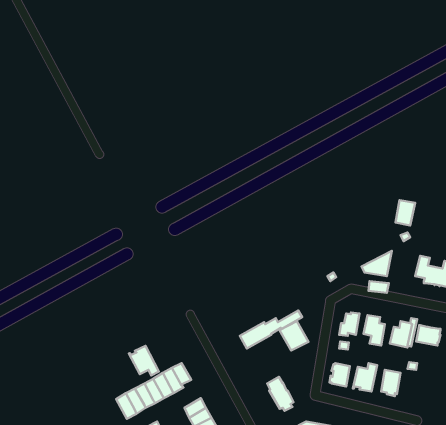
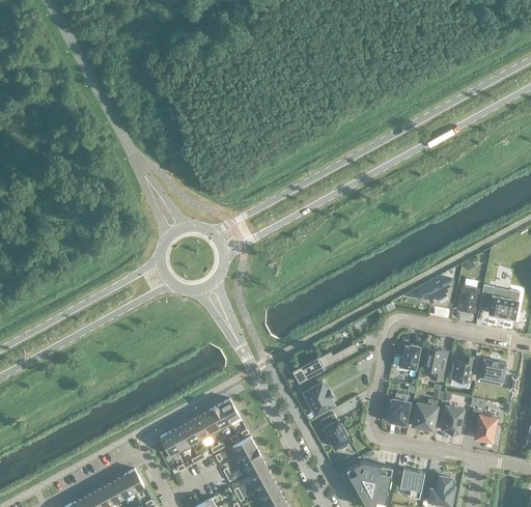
building: [396,200,415,225] -> [456,285,477,312]
building: [279,321,309,351] -> [302,383,333,414]
building: [129,346,159,376] -> none
building: none -> [469,411,495,441]

